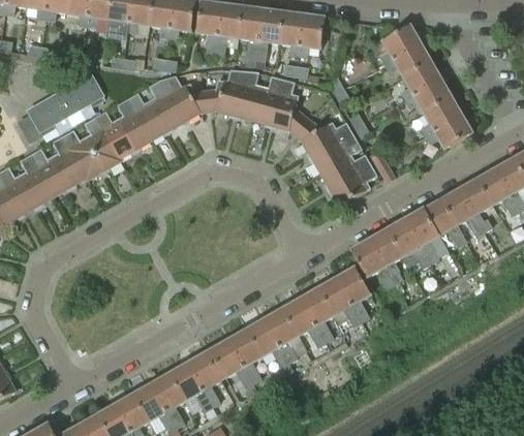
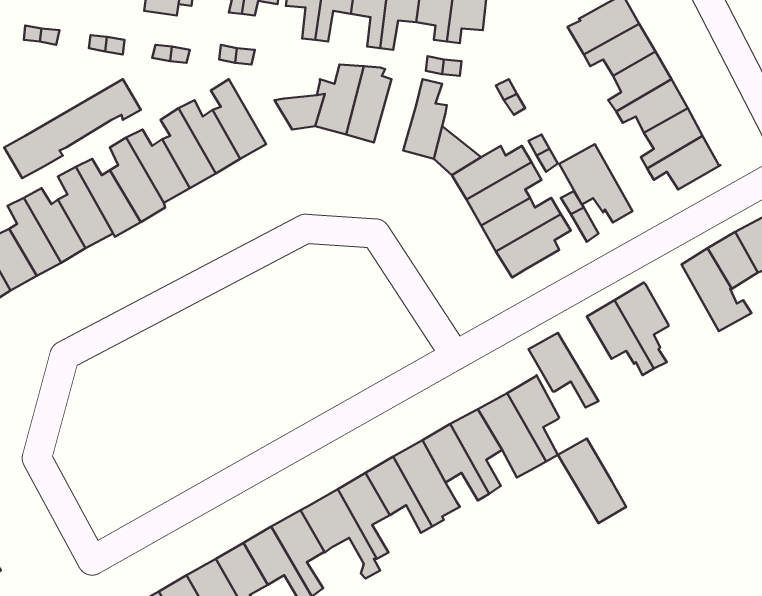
building: [160,73,201,119] -> none
building: [252,74,283,123] -> none
building: [425,195,471,245] -> [559,144,632,222]
building: [369,228,412,282] -> [558,439,626,523]

